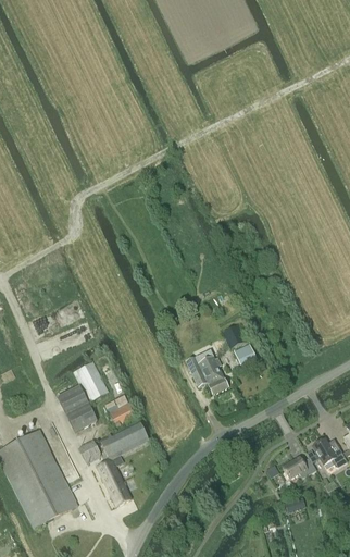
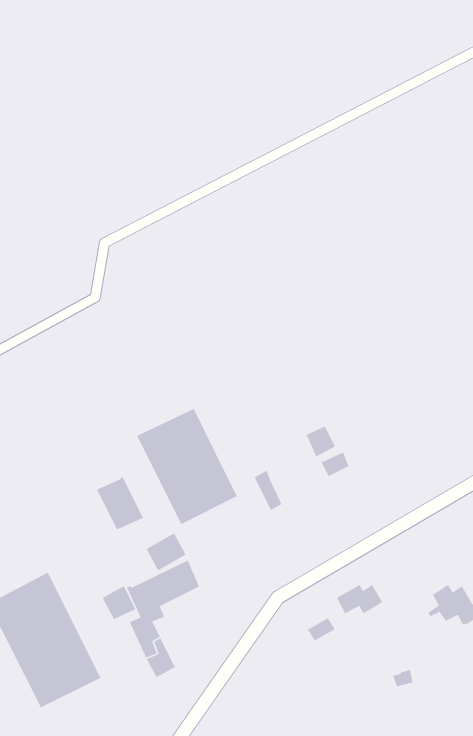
building: none -> [136,408,238,525]
building: [198,356,228,393] -> none
building: [58,385,97,431] -> none
building: [283,456,316,478] -> [336,584,383,614]

